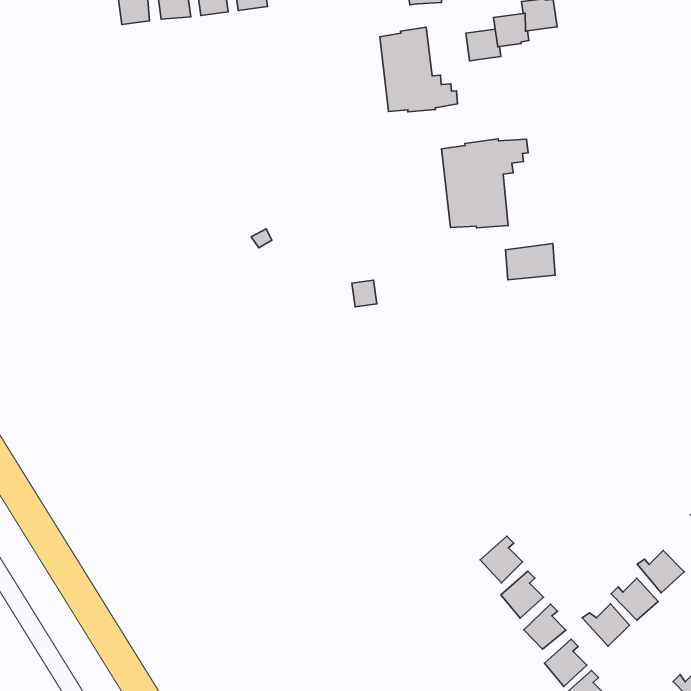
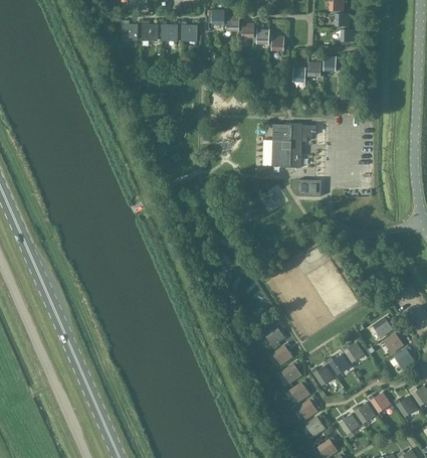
building: [380,27,458,112] -> none

